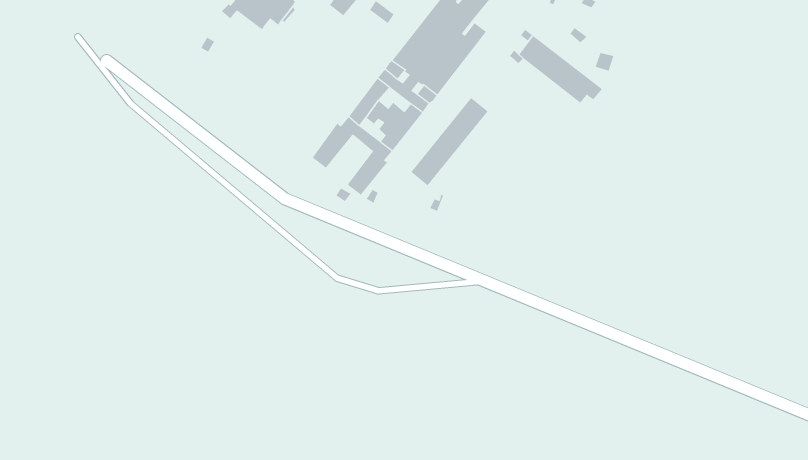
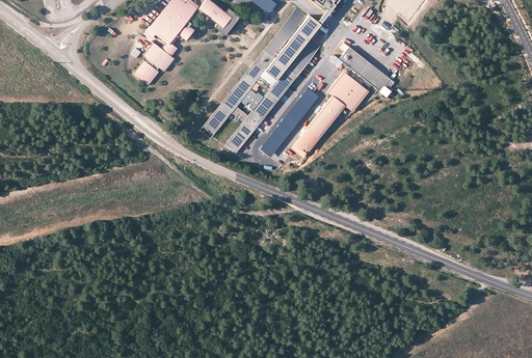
building: none -> [133,40,177,84]
building: none -> [294,72,368,154]

